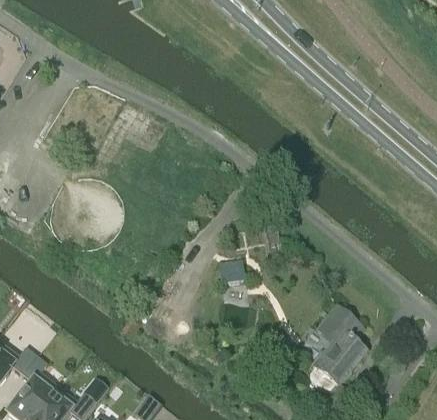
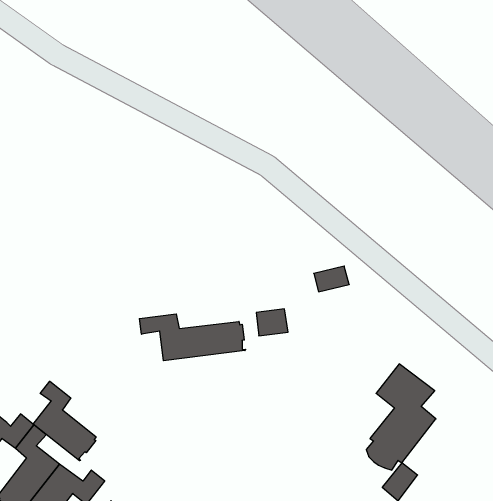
building: none -> [139,314,246,361]
building: none -> [33,381,96,461]

